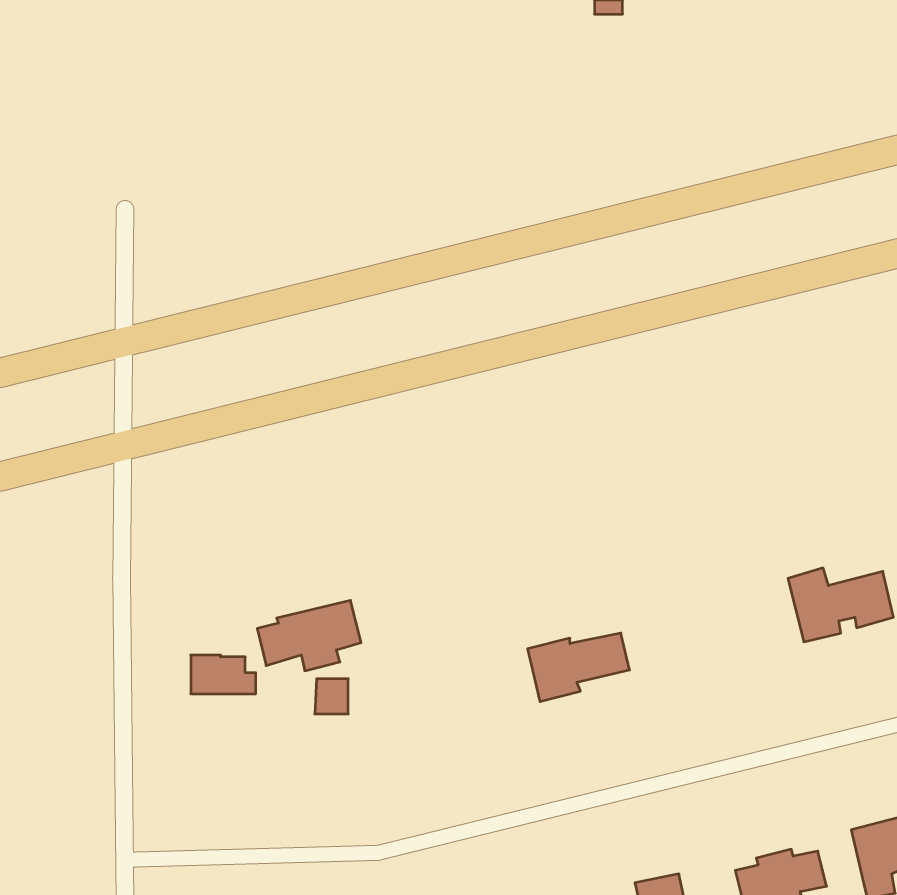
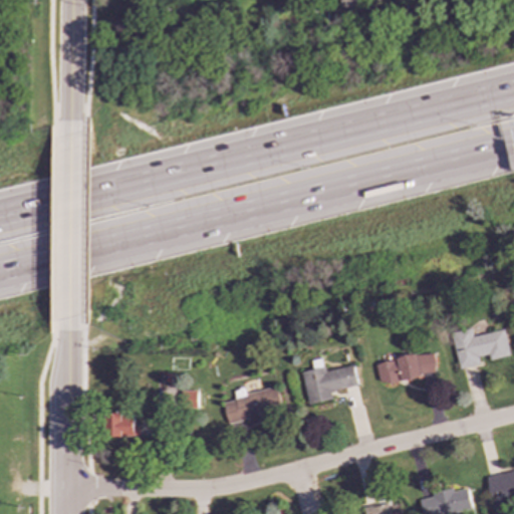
building: [257,600,361,671] -> [223,386,282,426]
building: none -> [377,352,437,384]
building: [191,655,256,694] -> [104,414,142,436]

